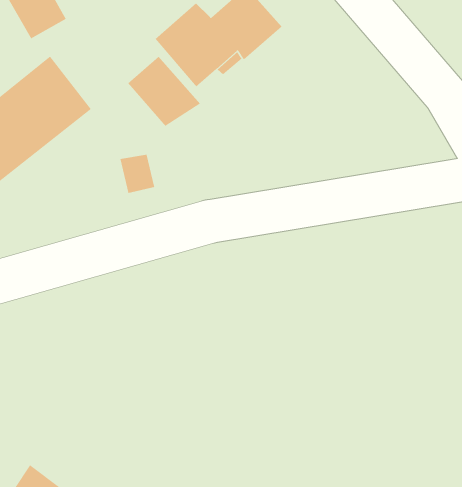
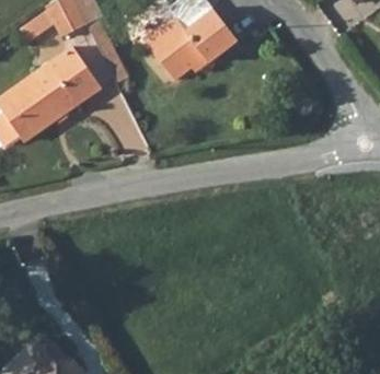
building: [127,56,201,127] -> none

